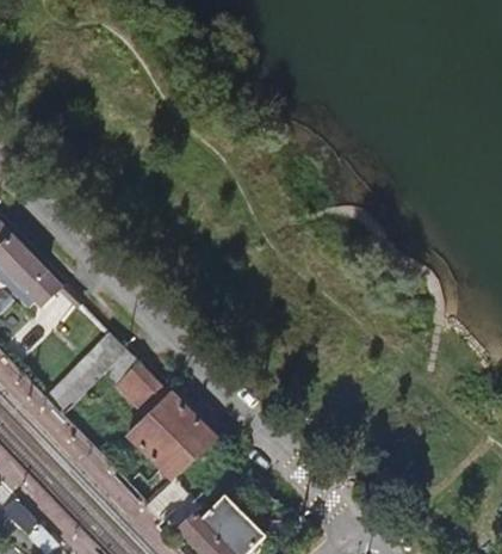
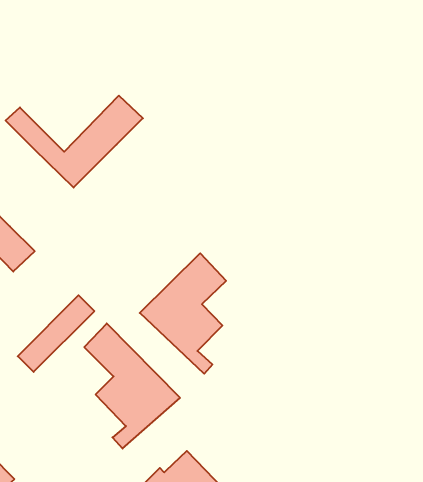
building: none -> [6,96,143,188]
building: none -> [140,253,226,374]

